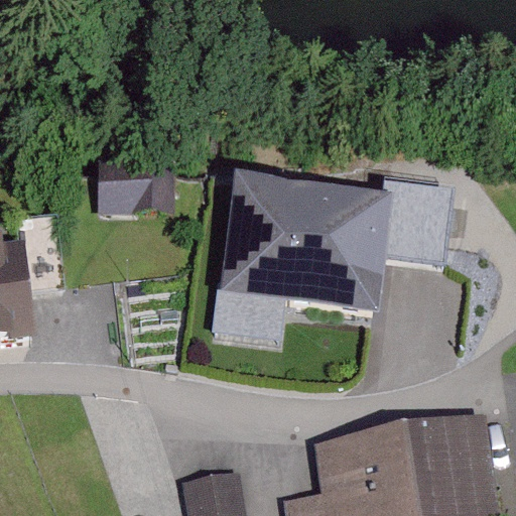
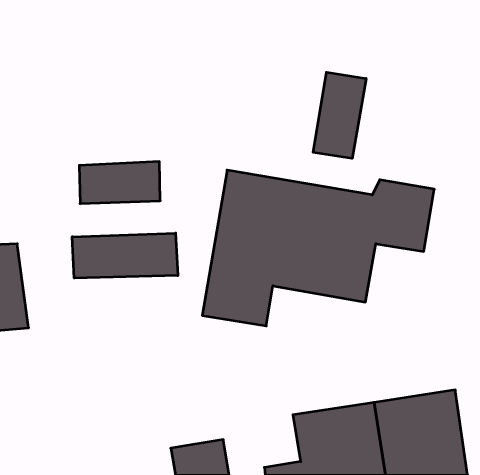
building: none -> [313,72,366,158]
building: none -> [72,233,178,278]

